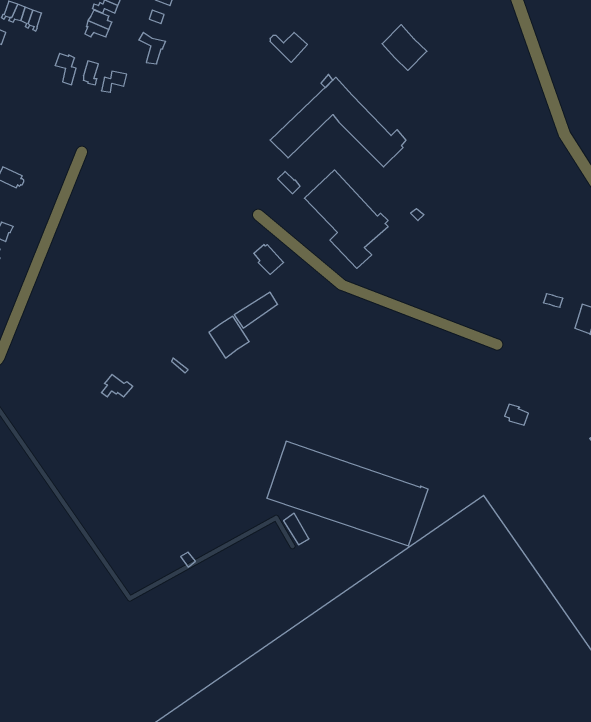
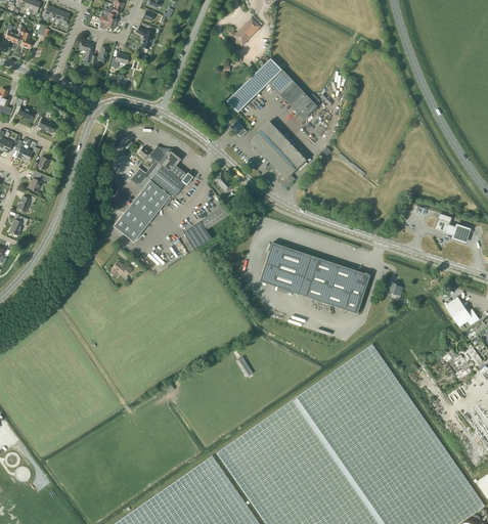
building: [382,25,427,70] -> none
building: none -> [114,145,192,242]
building: [267,441,428,546] -> [260,242,370,313]

